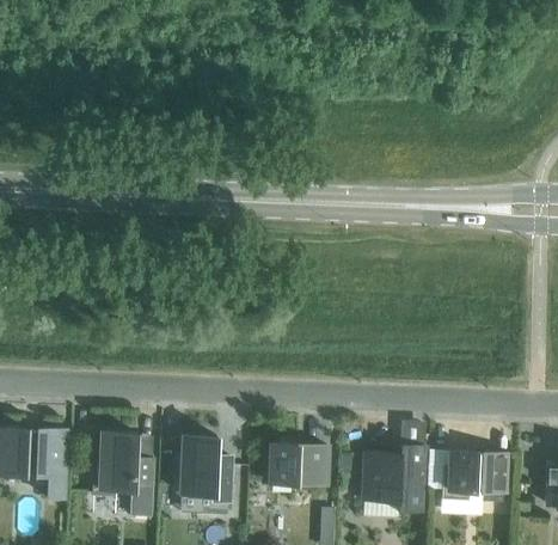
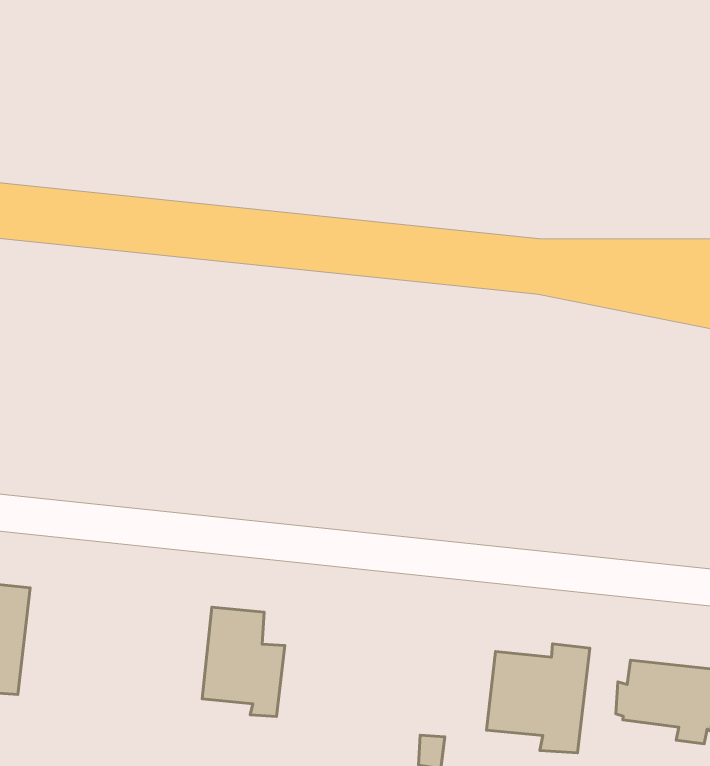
building: [92,431,153,516] -> none
building: [270,443,327,490] -> none

